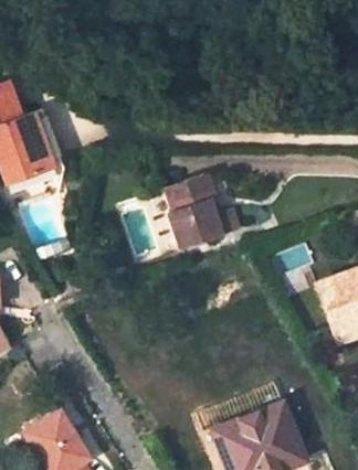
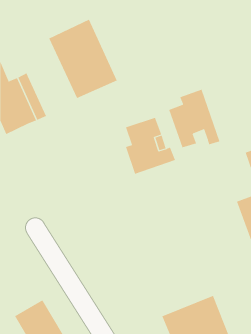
building: none -> [49,19,118,99]
building: none -> [168,89,220,148]

